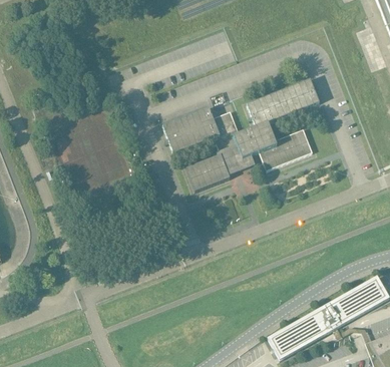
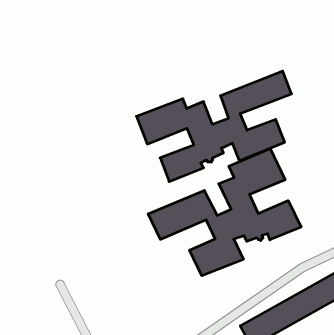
building: none -> [148,148,301,276]

